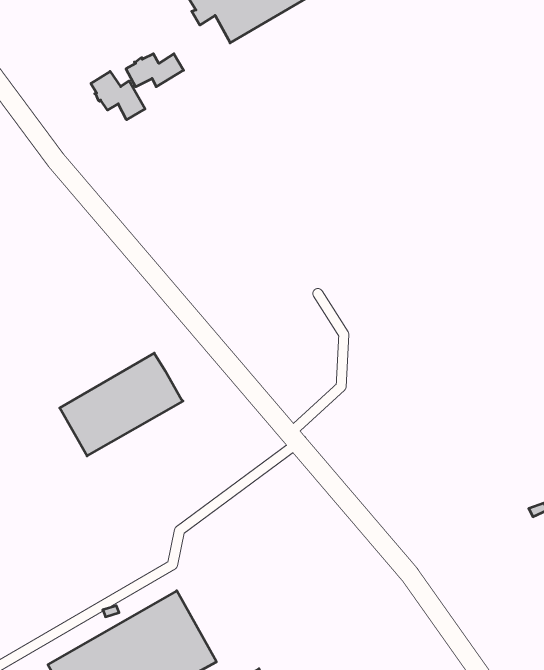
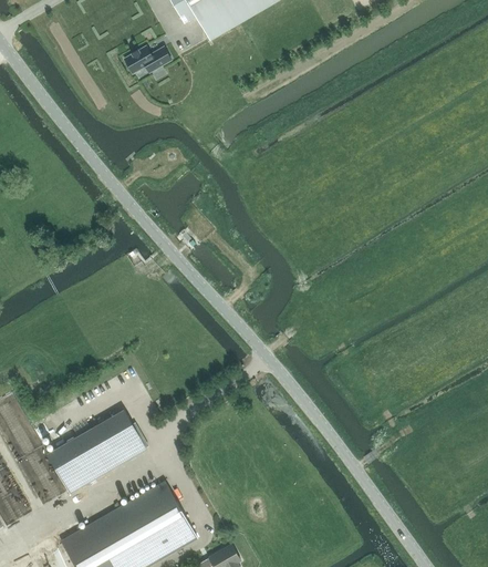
building: [91,71,145,120] -> none
building: [60,353,183,456] -> [45,410,145,493]

